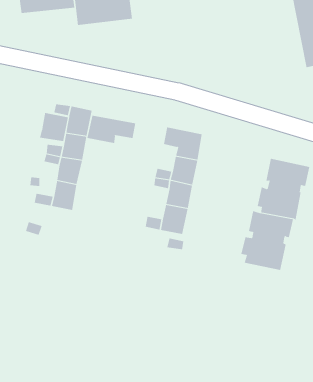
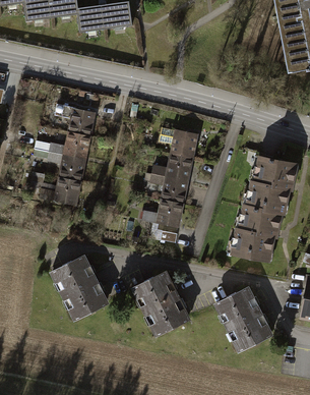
building: [40,112,68,142] -> none
building: [87,115,136,144] -> none
building: none -> [52,256,108,317]
building: none -> [133,271,188,332]
building: none -> [215,286,270,348]

